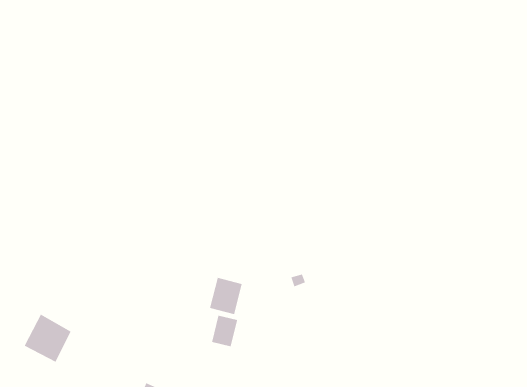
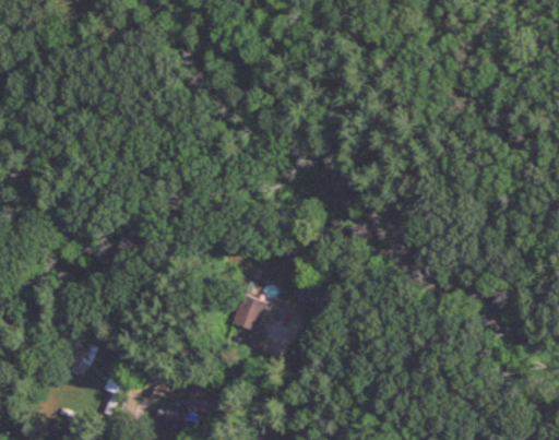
building: [211,315,238,347] -> none

